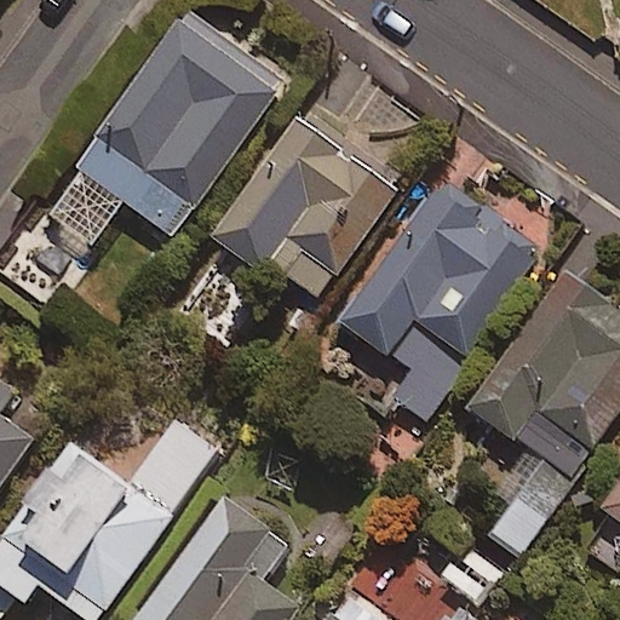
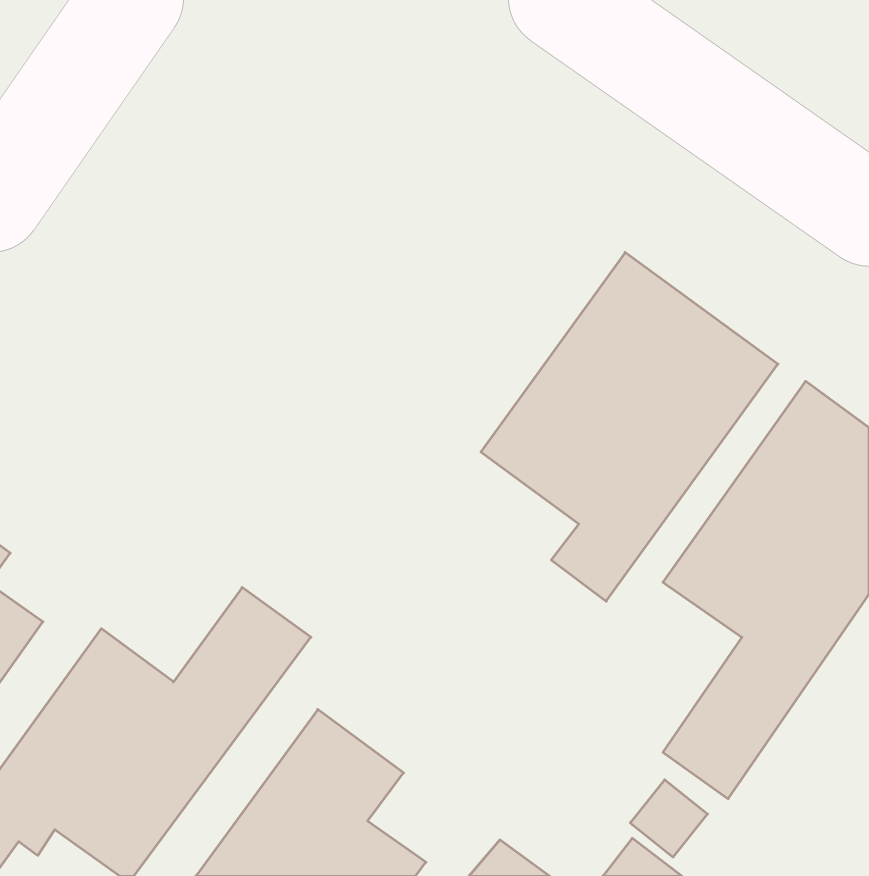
building: [46,18,276,245] -> none
building: [212,120,396,308] -> none

